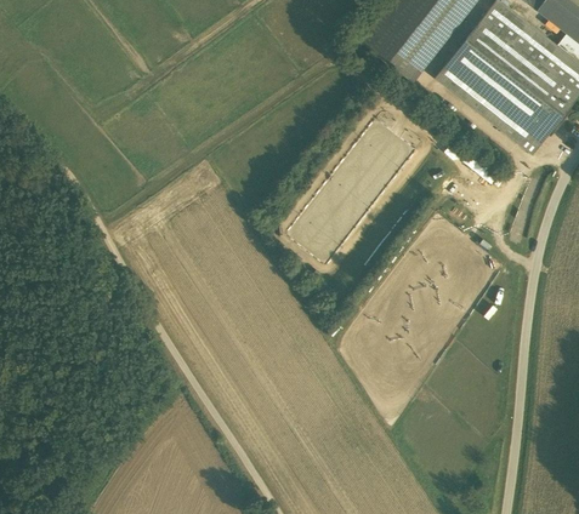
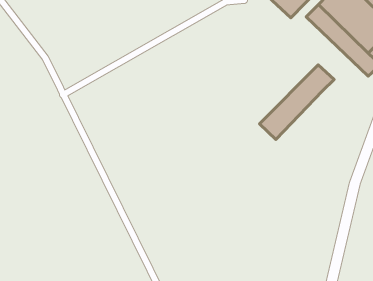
building: none -> [259,65,334,140]

